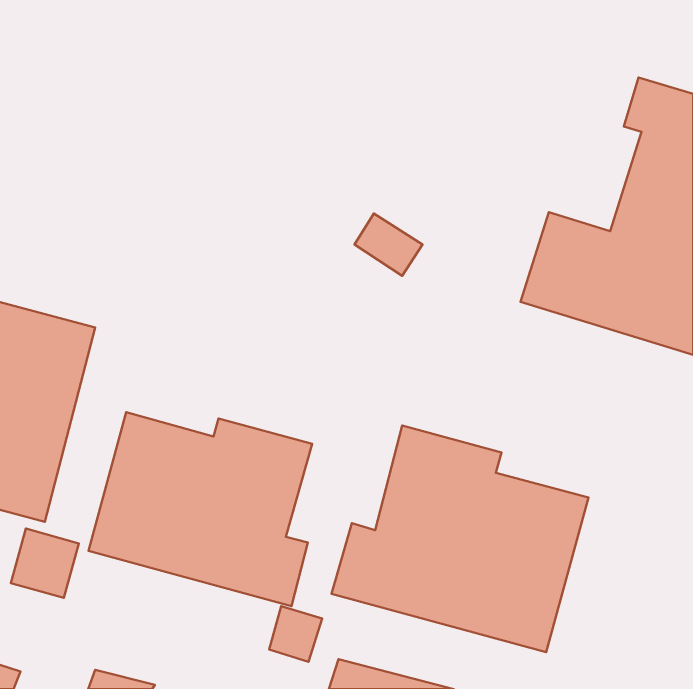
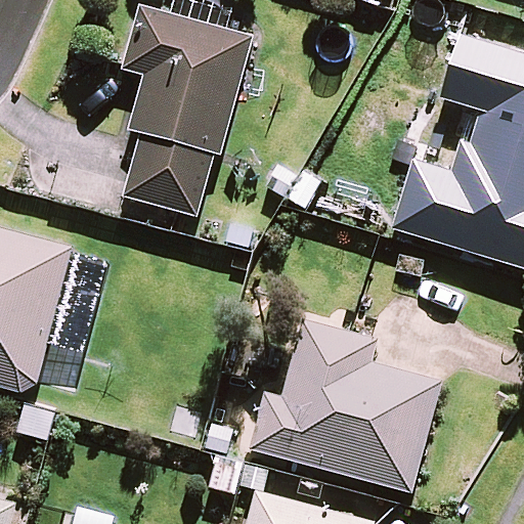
building: none -> [123,7,251,217]
building: [88,412,312,606] -> none

